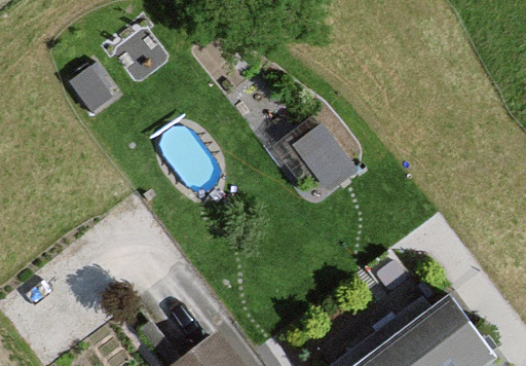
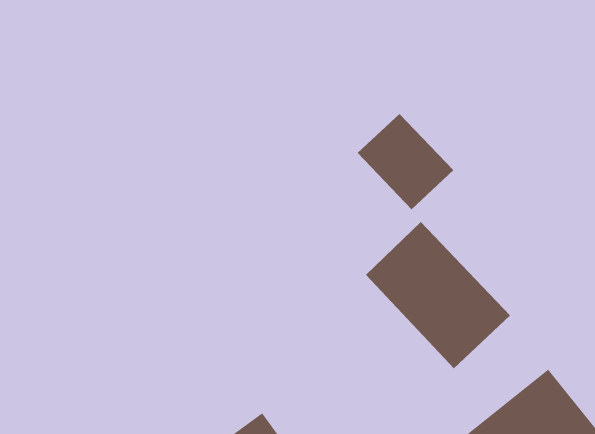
building: none -> [365,221,511,369]

